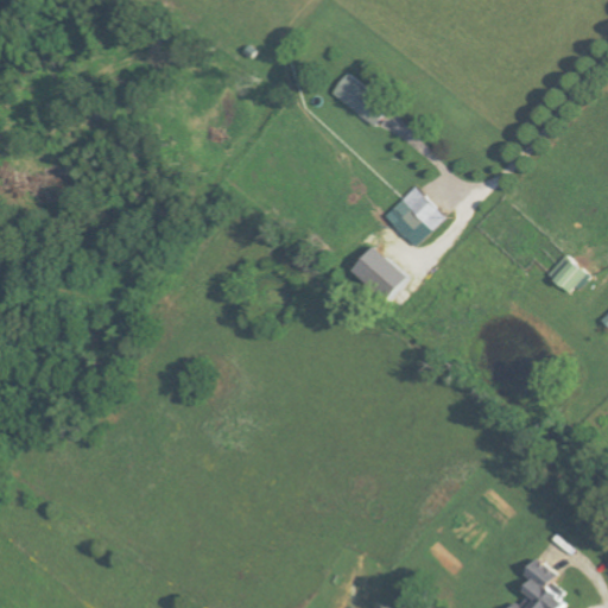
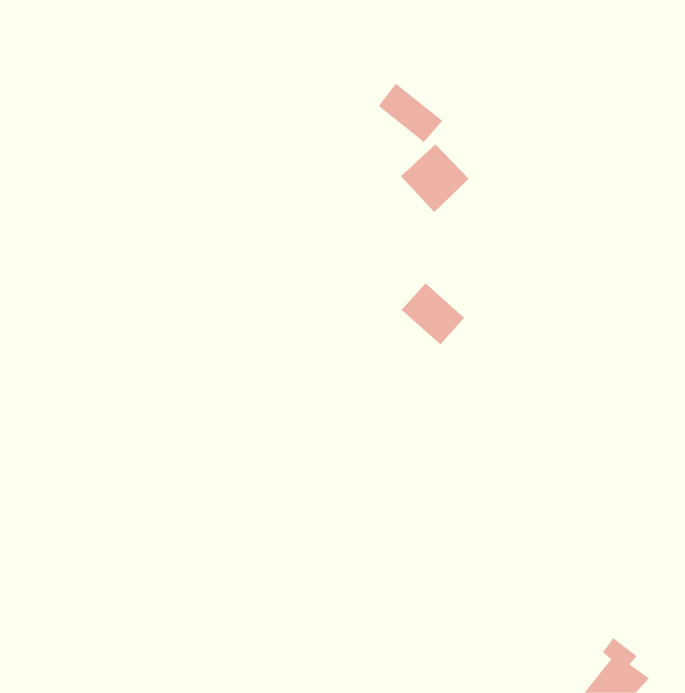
building: [381,186,442,247] -> [400,144,469,213]
building: [547,255,587,294] -> none

